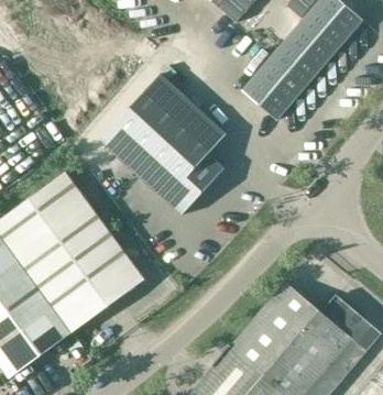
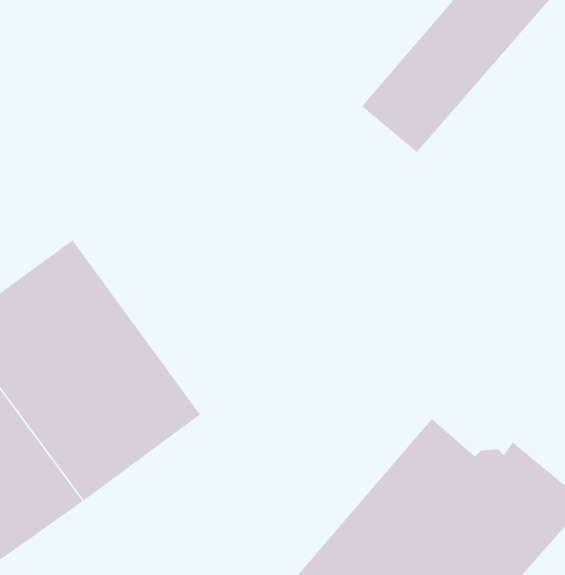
building: [100,75,226,216] -> none

